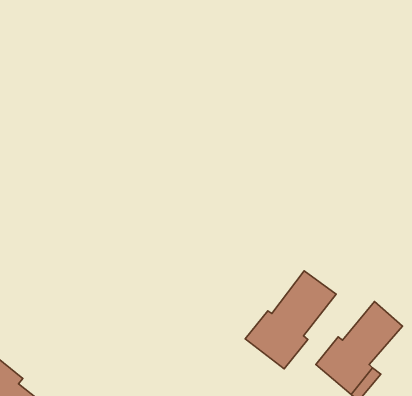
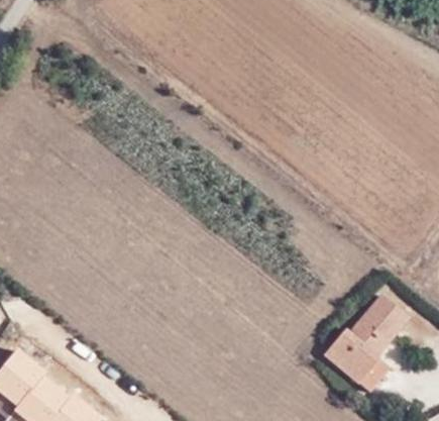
building: [245,271,336,369] -> none

